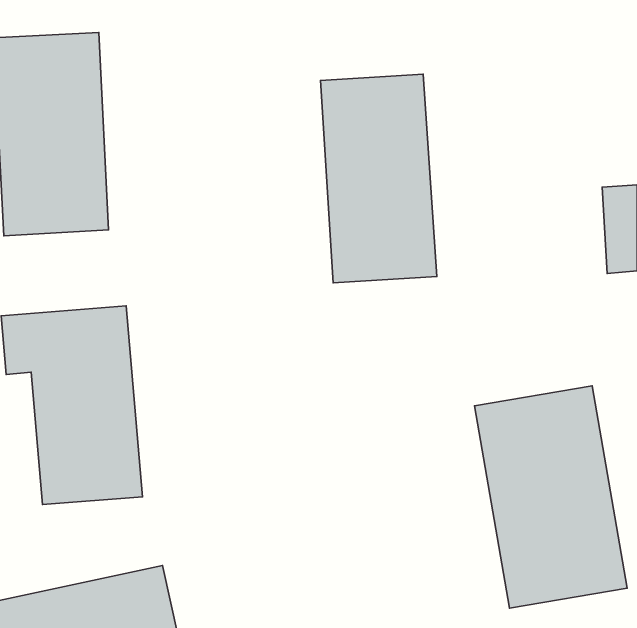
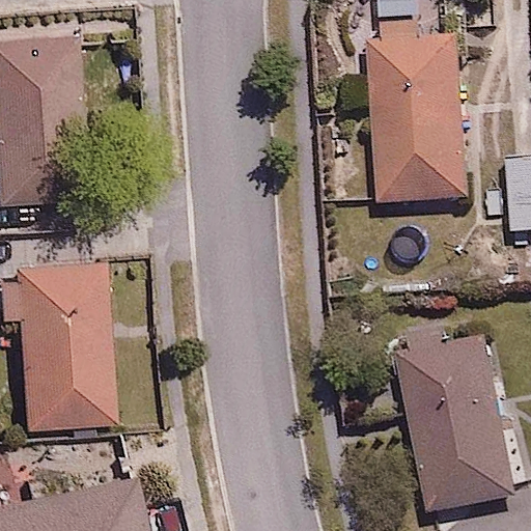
building: [321,74,437,283] -> [364,29,460,202]

